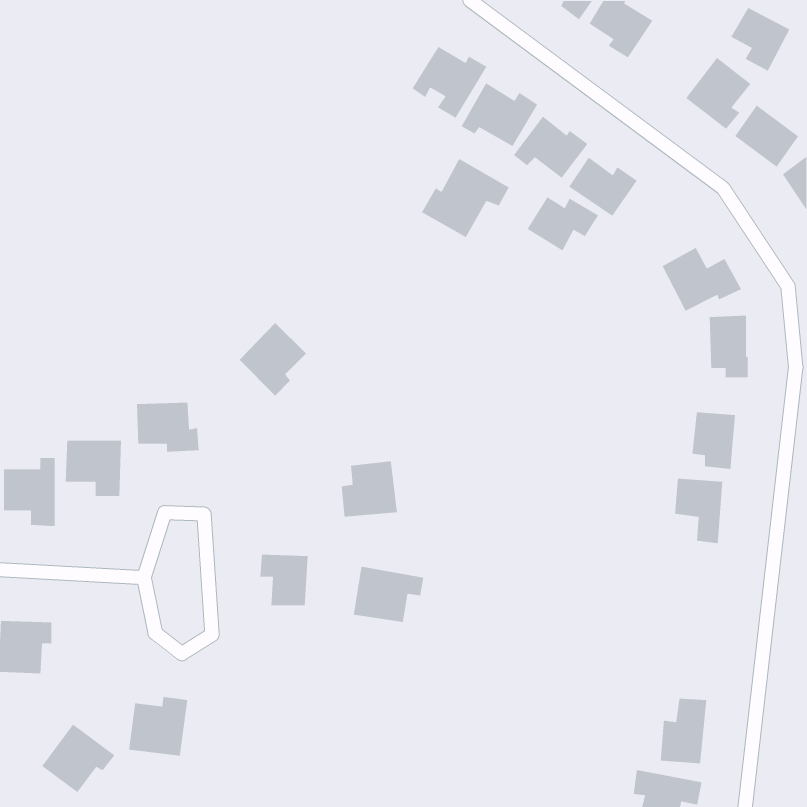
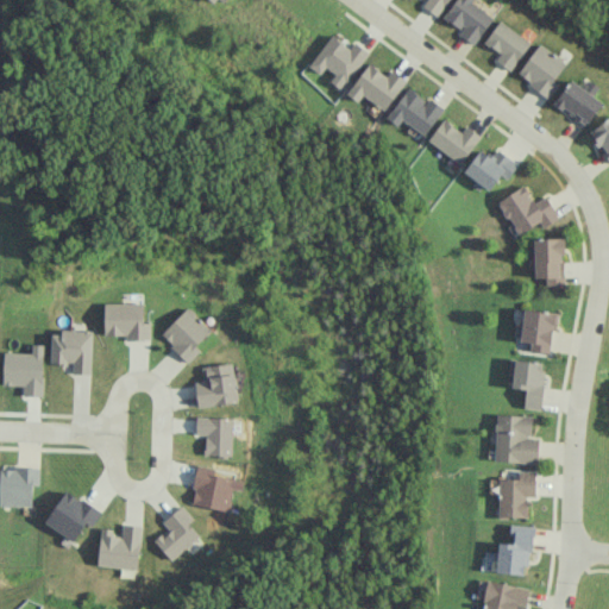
building: [730,7,790,72] -> [483,23,528,71]
building: [421,158,510,238] -> none
building: [527,196,599,251] -> [463,149,517,190]
building: [239,322,307,396] -> [159,307,211,363]
building: [341,460,398,517] -> [194,364,237,407]
building: none -> [494,415,538,464]
building: [353,566,424,623] -> [189,469,243,511]
building: none -> [498,471,535,519]
building: none -> [153,506,199,560]
building: [41,724,116,793] -> [44,490,100,542]

